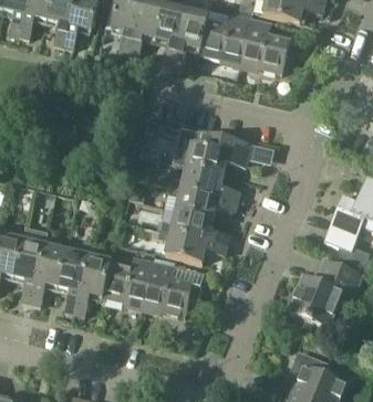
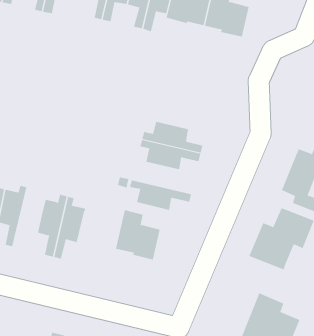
building: [175,127,251,173] -> none
building: [160,209,229,244] -> none
building: [31,236,66,305] -> none
building: [102,256,153,304] -> none

